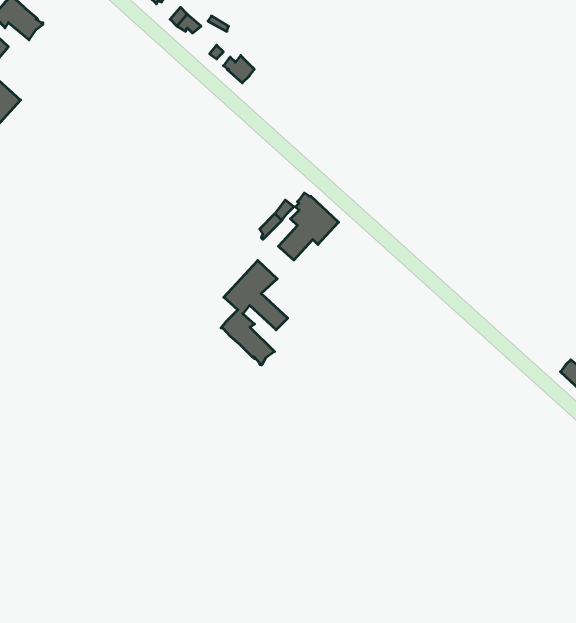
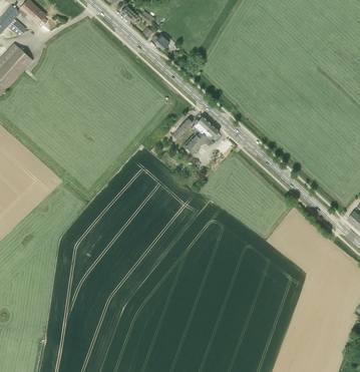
building: [221,260,288,365] -> none

